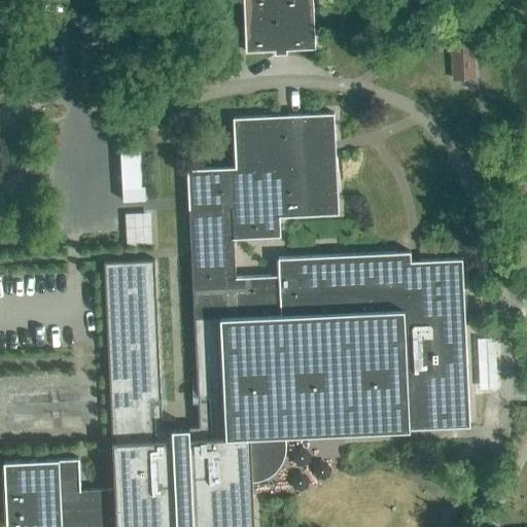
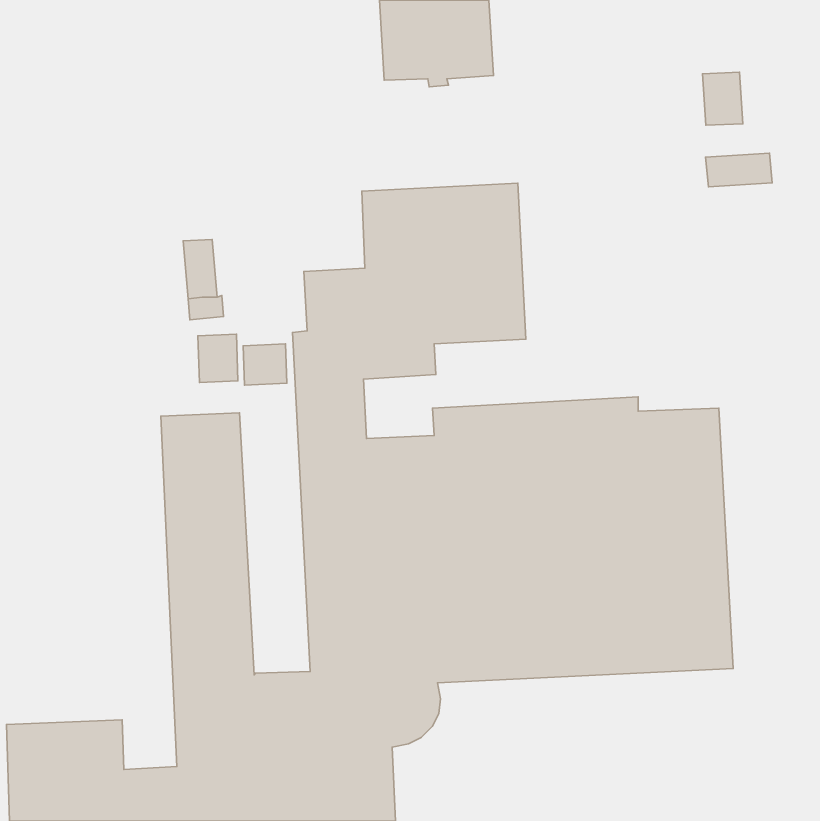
building: none -> [706,153,772,187]
building: none -> [243,344,287,385]

